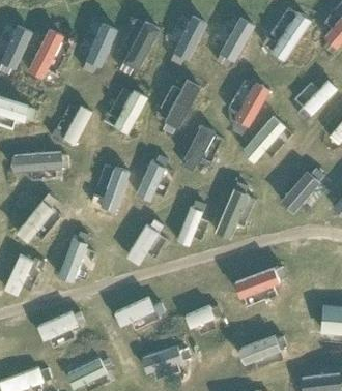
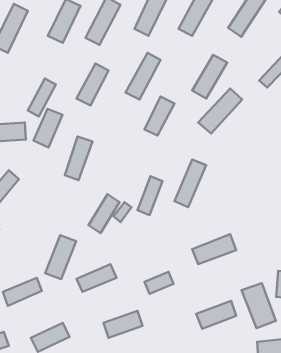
building: [136,160,166,201] -> [34,109,63,148]
building: [280,170,320,212] -> none
building: [57,237,89,282] -> [45,235,76,279]
building: none -> [242,283,276,328]

